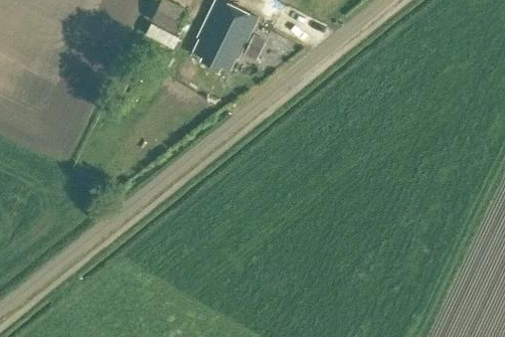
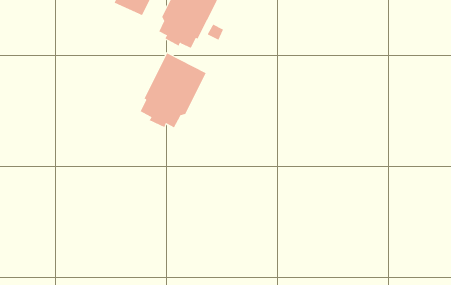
building: none -> [140,53,207,128]

